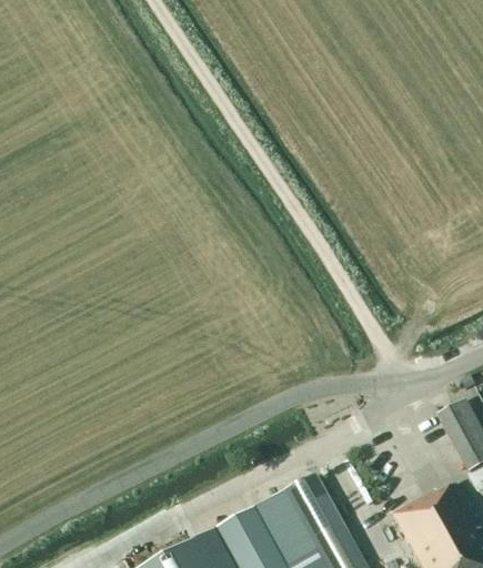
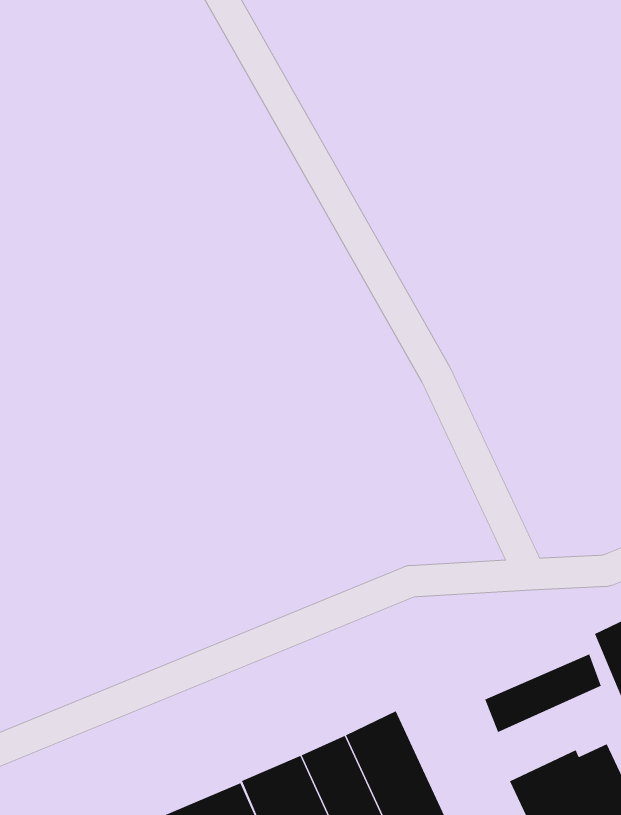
building: none -> [485,654,601,733]

